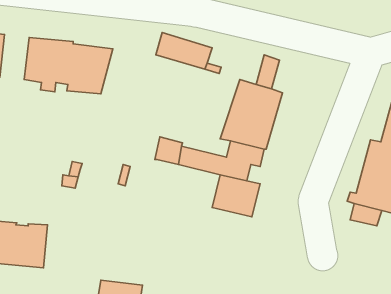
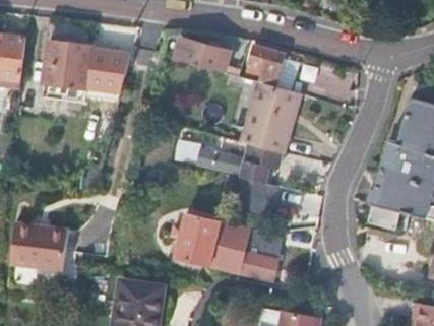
building: none -> [248,45,284,87]
building: none -> [175,212,283,278]

